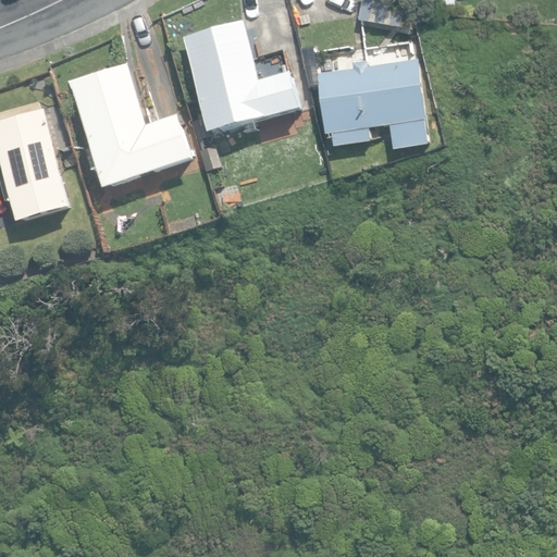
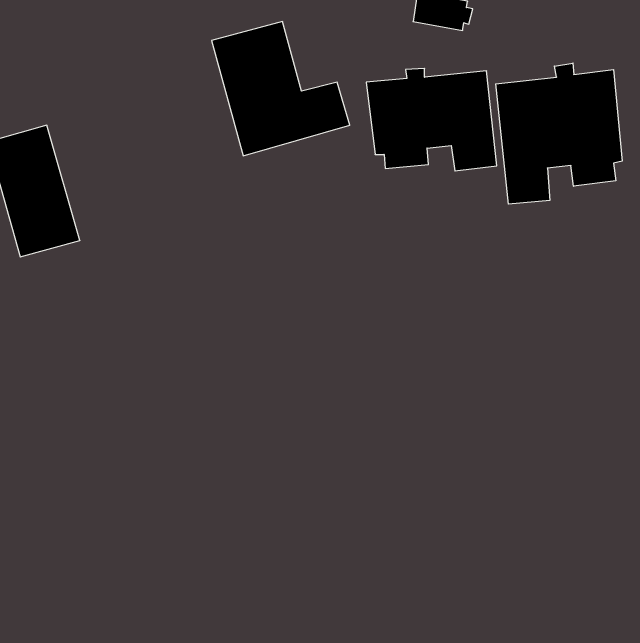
building: none -> [496,63,622,204]
building: [69,63,193,188] -> none

